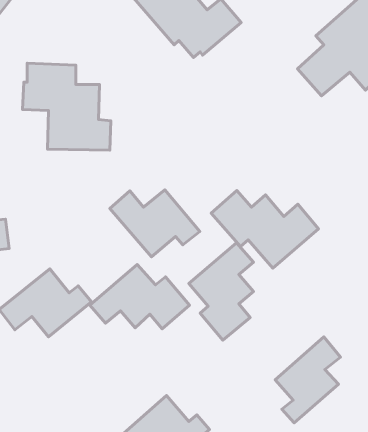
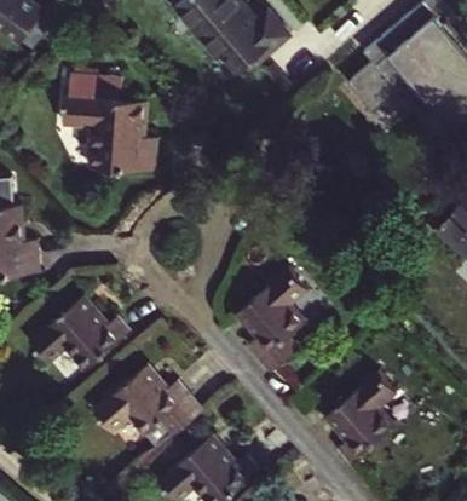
building: [110,190,200,257] -> none
building: [211,190,319,268] -> none
building: [90,264,189,329] -> [98,368,204,437]

